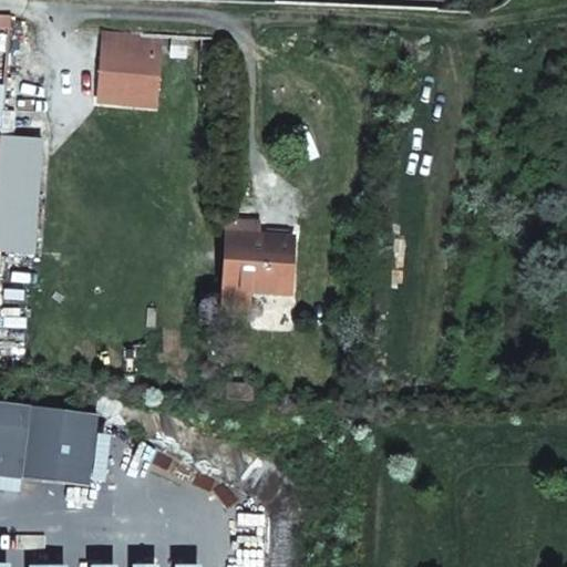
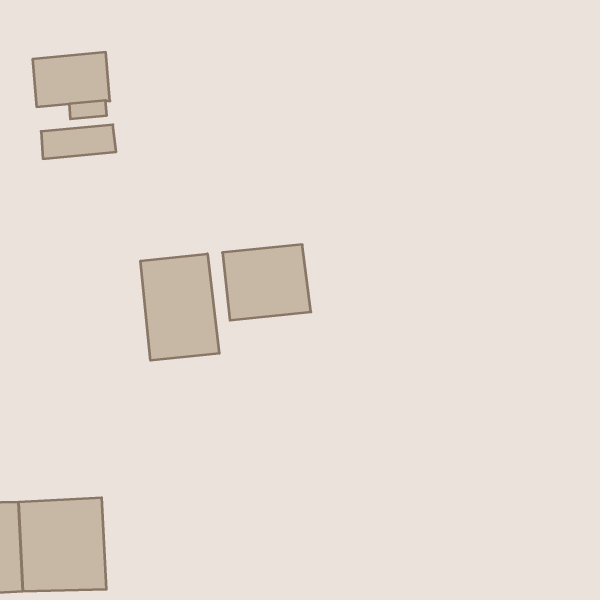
building: [101,30,162,56] -> [41,125,116,159]
building: none -> [141,254,219,360]

